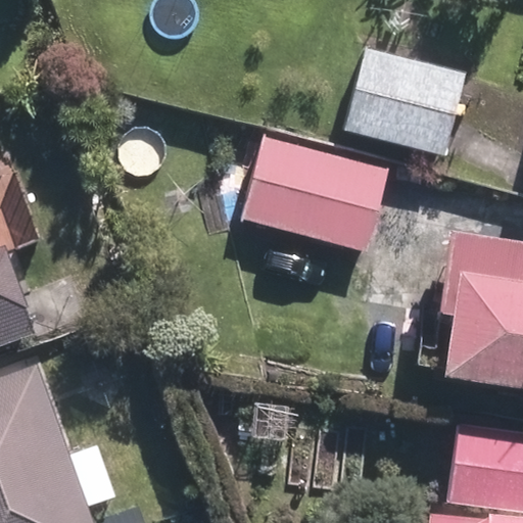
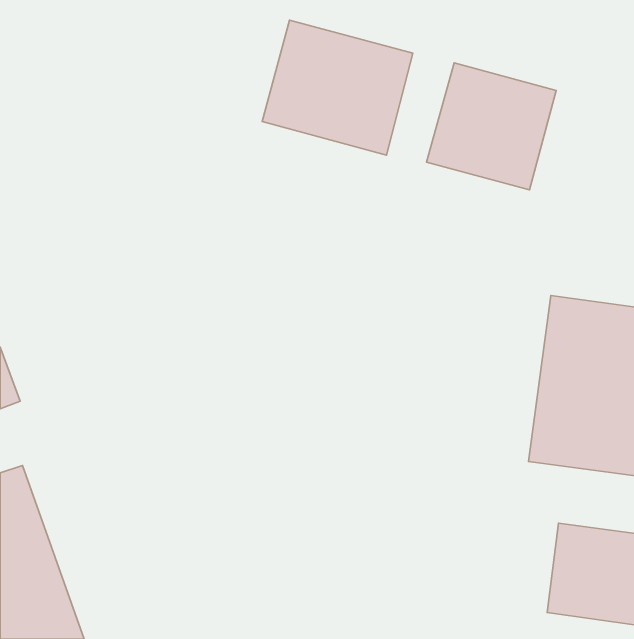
building: none -> [262,20,413,155]
building: [249,137,383,245] -> none

